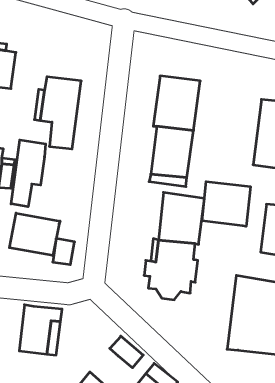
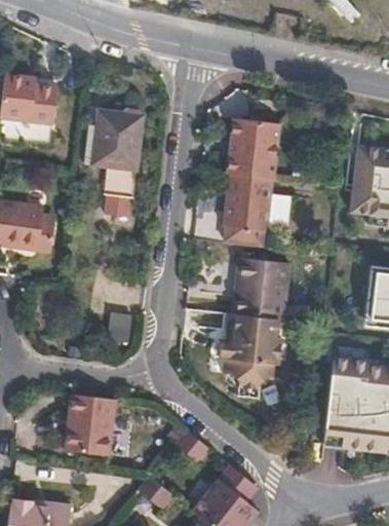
building: [11,140,46,207] -> none
building: [202,182,250,226] -> none
building: [9,213,60,256] -> none

